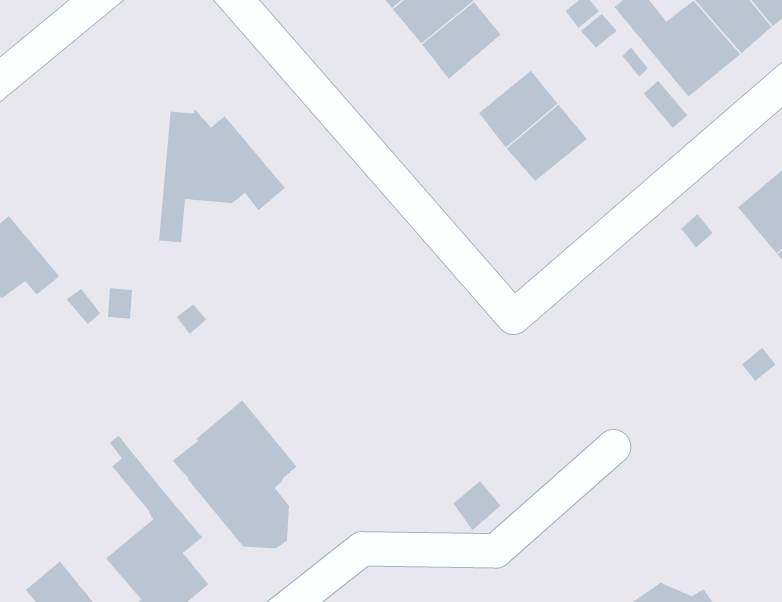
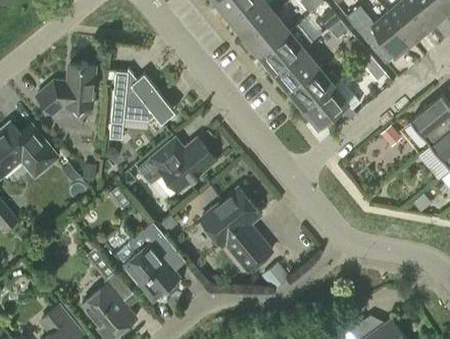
building: none -> [260,25,312,74]
building: none -> [36,66,94,115]
building: none -> [305,87,356,128]
building: none -> [137,138,216,194]
building: none -> [200,189,271,272]

